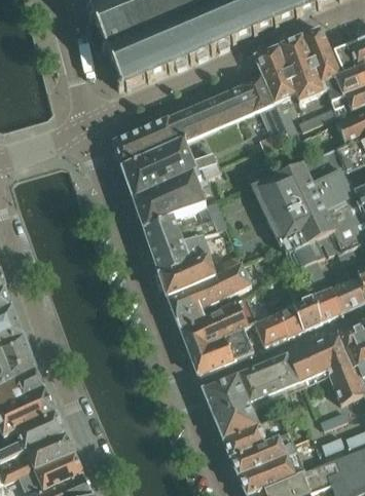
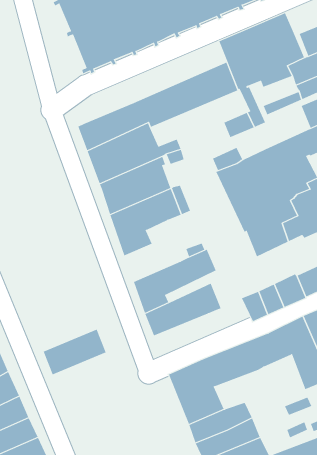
building: [159,234,216,296] -> none
building: [254,312,288,346] -> none
building: [189,328,253,374] -> [43,329,107,375]

